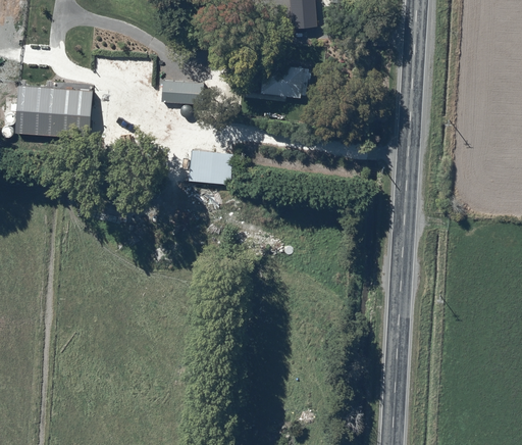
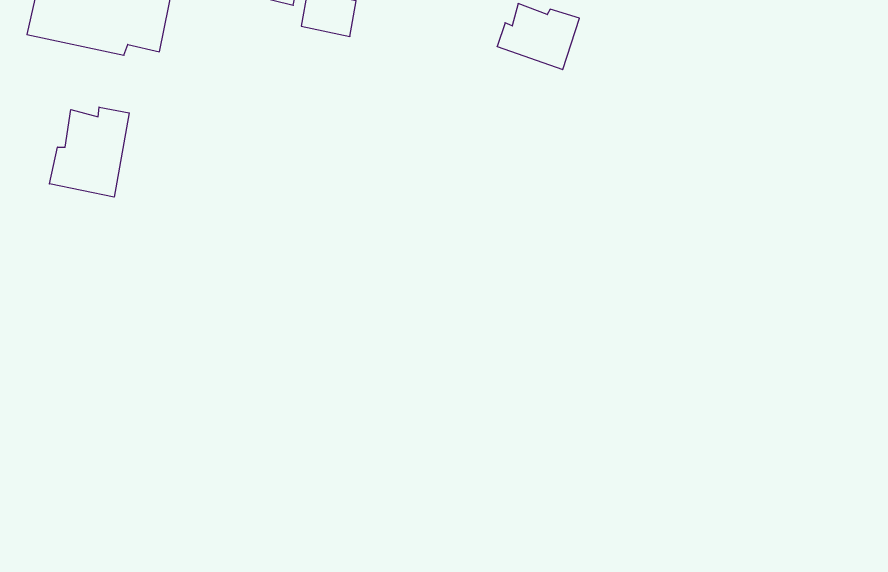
building: [187,149,227,182] -> none
building: none -> [49,107,129,197]

